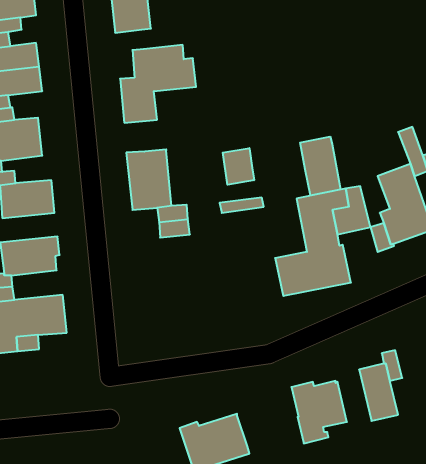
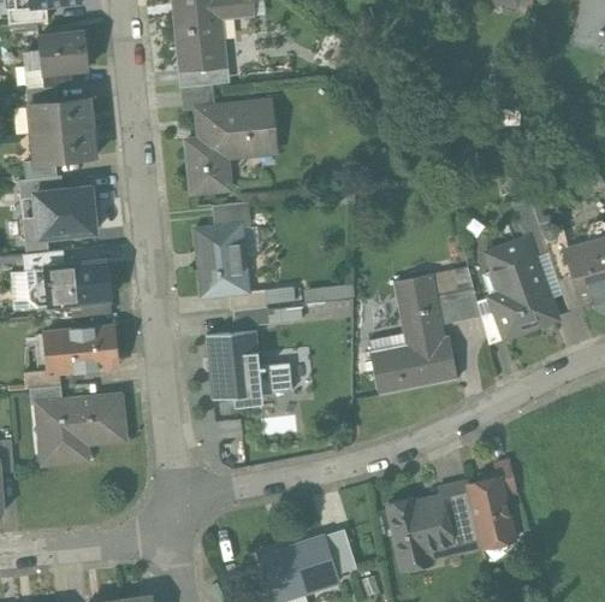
building: none -> [182,83,215,110]
building: none -> [215,201,249,226]
building: [300,137,341,195] -> none
building: [223,148,254,185] -> none
building: none -> [207,330,293,397]
building: none -> [426,482,484,557]
building: none -> [325,530,357,573]

